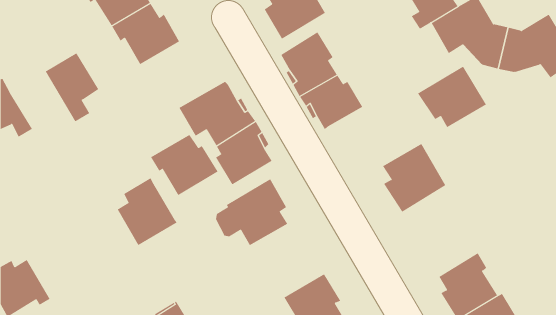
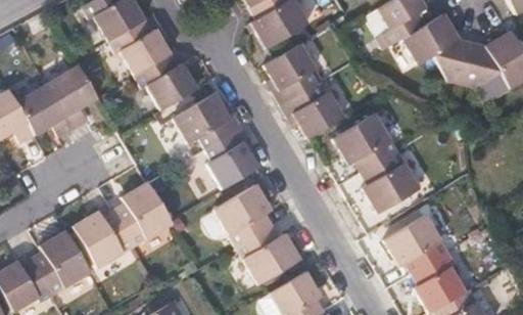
building: [417,66,487,128] -> [332,115,396,172]
building: none -> [16,84,76,139]
building: [150,134,219,196] -> [136,56,199,114]
building: none -> [74,210,134,267]
building: none -> [384,214,448,274]
building: none -> [237,225,300,283]
building: none -> [32,229,90,295]

